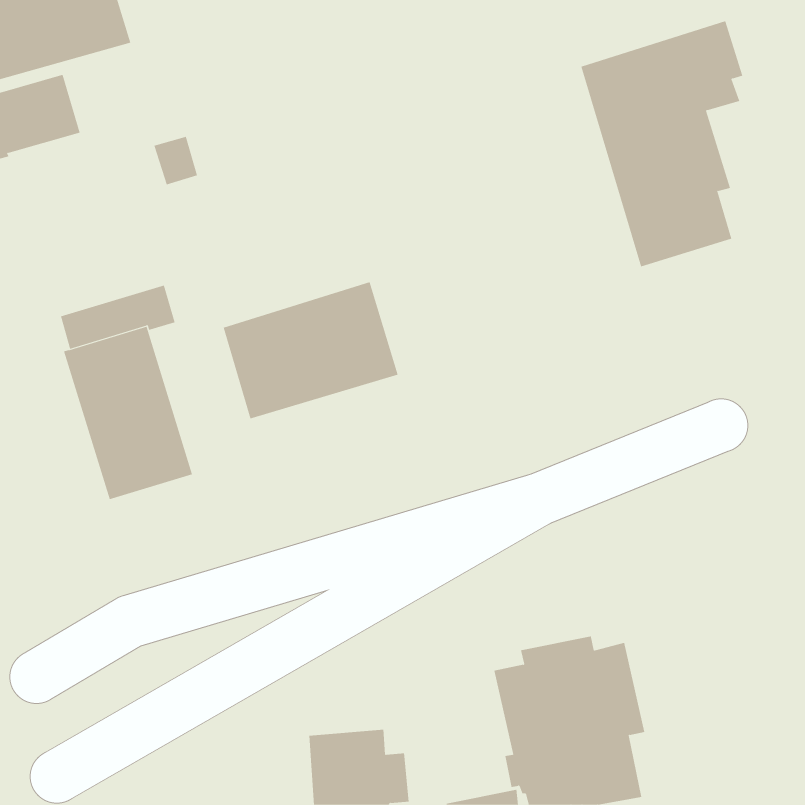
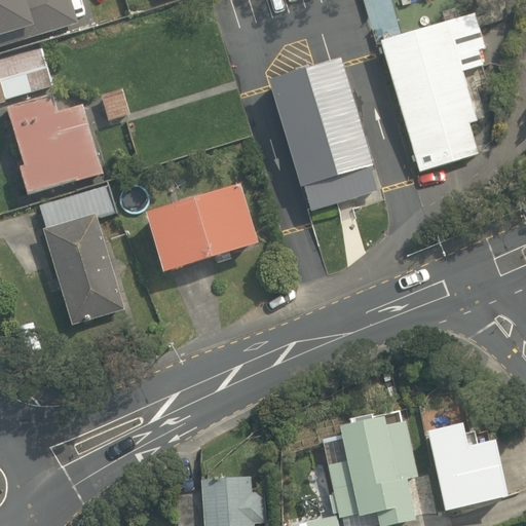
building: none -> [267,59,376,211]
building: none -> [8,97,103,192]
building: none -> [427,419,508,509]

